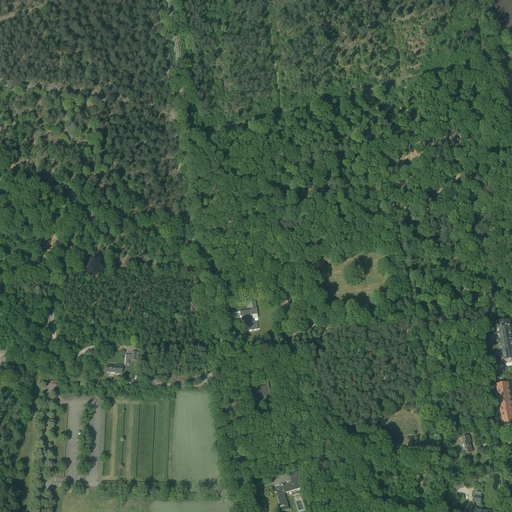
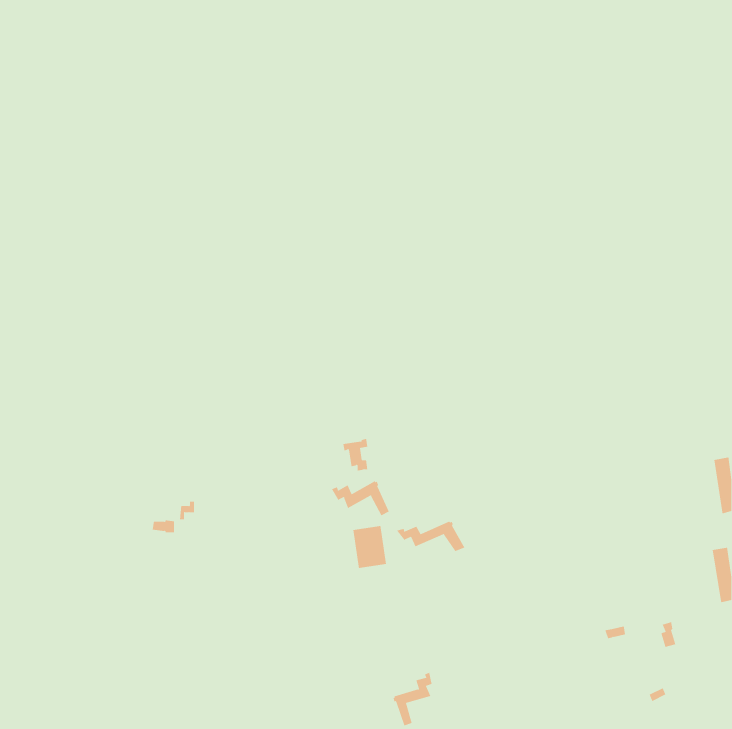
building: none -> [331,481,389,516]
building: none -> [396,521,465,552]

